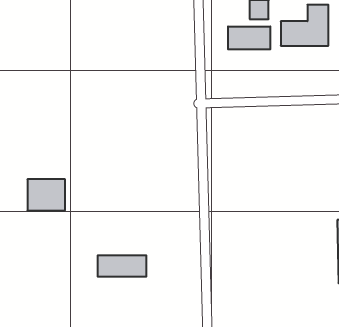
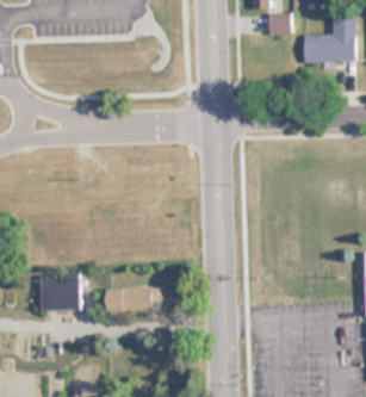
building: [228,26,270,49] -> none
building: [27,179,65,210] -> [37,275,77,309]

